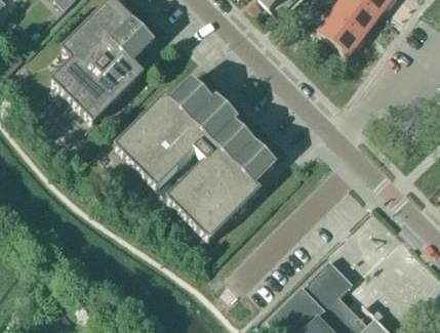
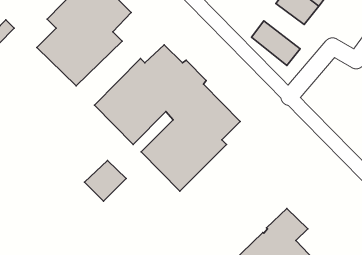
building: none -> [252,21,300,66]
building: none -> [85,160,126,201]

